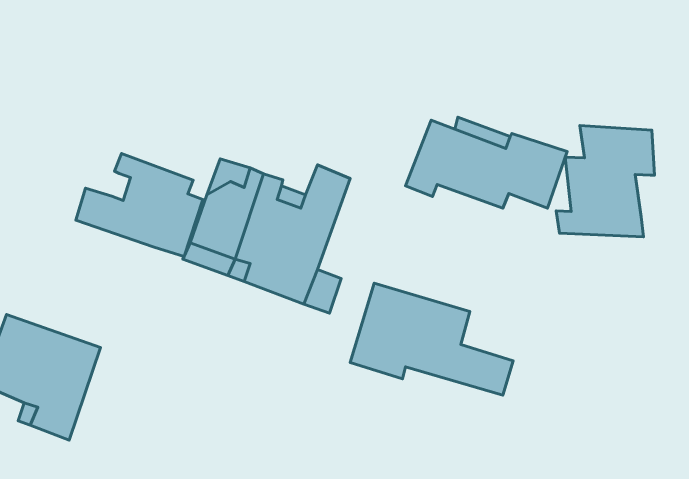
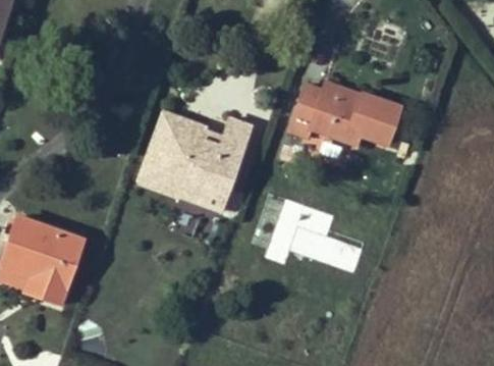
building: [556,125,654,237] -> none
building: [76,153,203,256] -> none

